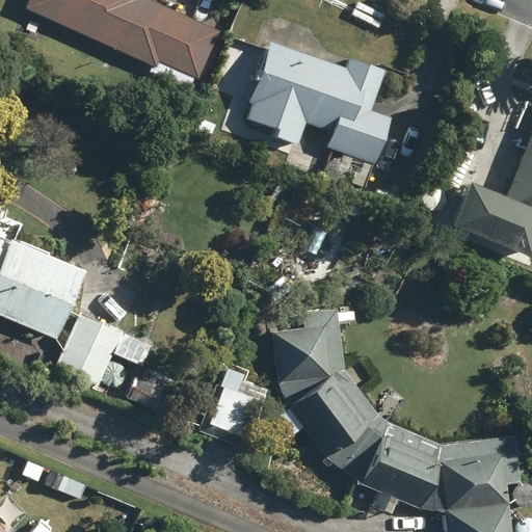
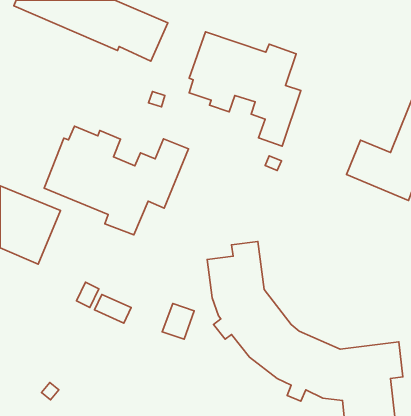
building: none -> [44,126,189,235]
building: [56,313,150,387] -> none

